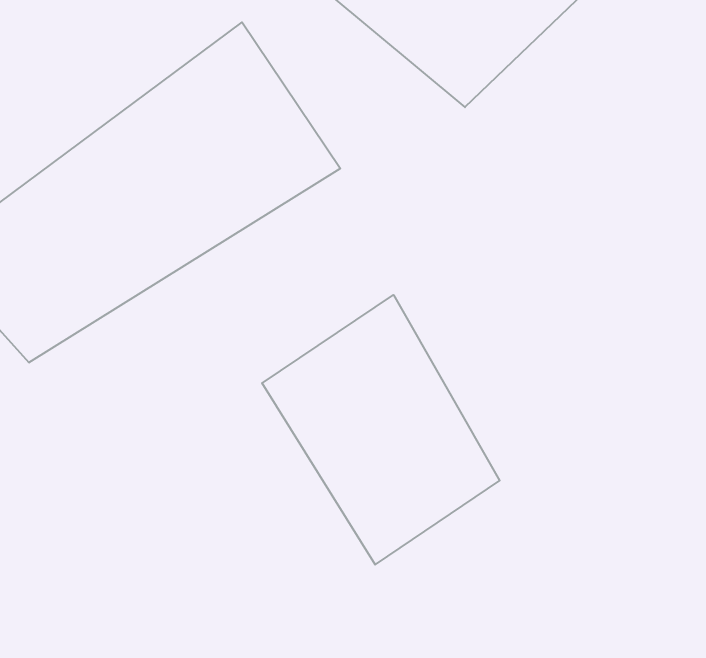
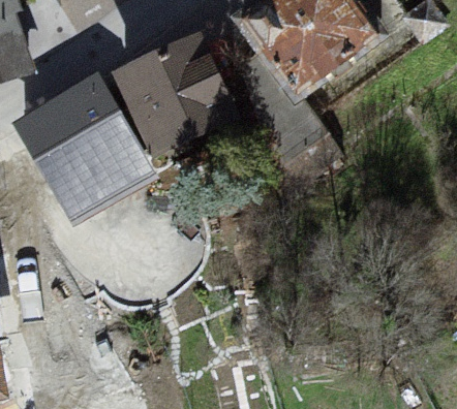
building: [262,295,500,565] -> none

